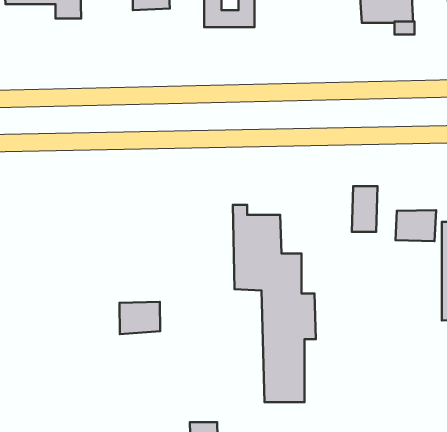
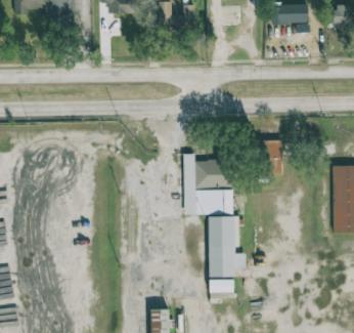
building: [395,210,436,241] -> none
building: [119,302,160,334] -> none

